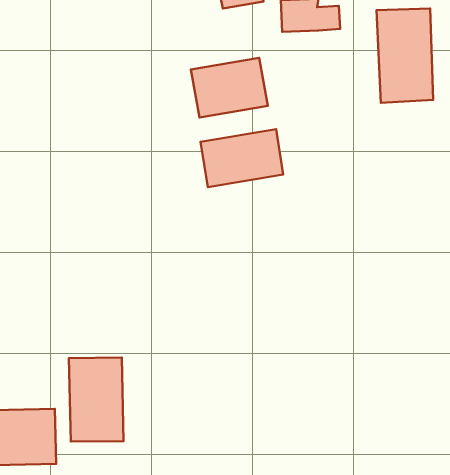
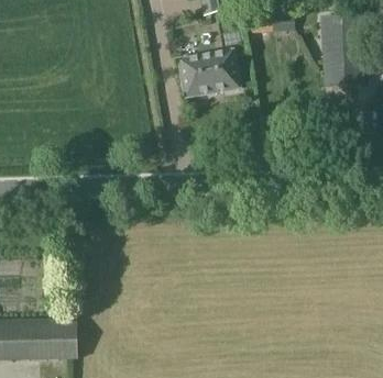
building: [201,129,283,187] -> none
building: [69,358,123,442] -> none

